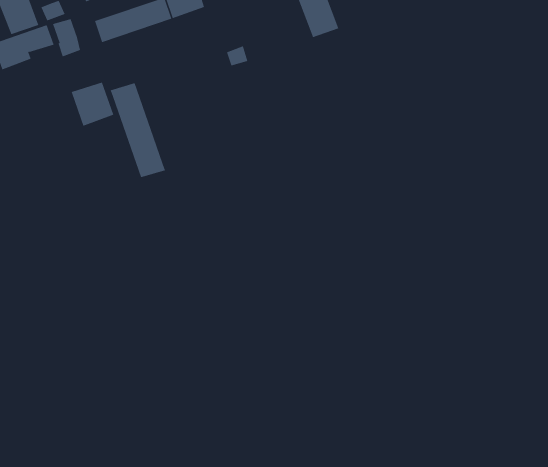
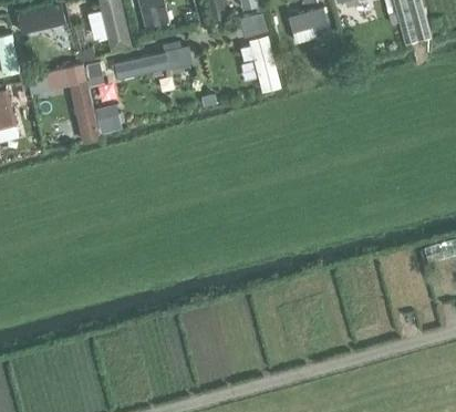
building: [110,82,166,178] -> [69,76,101,142]

